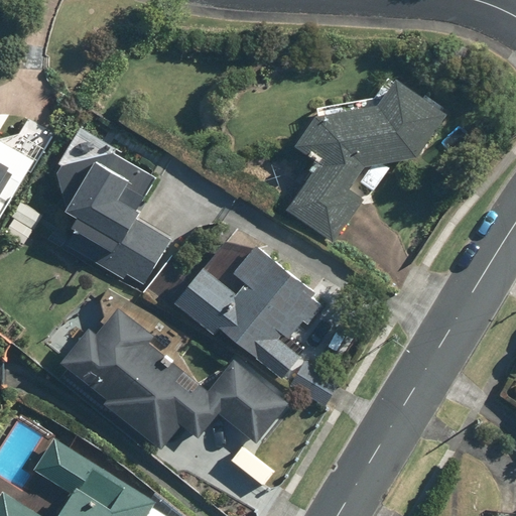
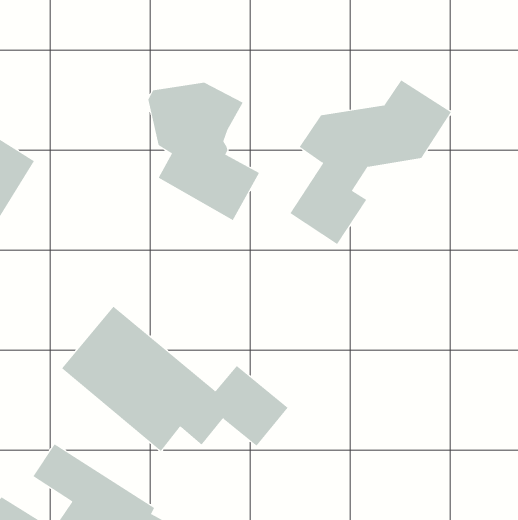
building: [57,149,168,286] -> [148,82,260,221]
building: [174,244,326,380] -> none

